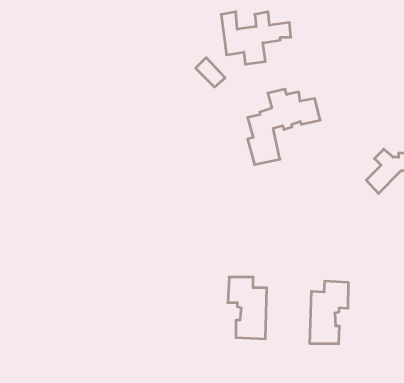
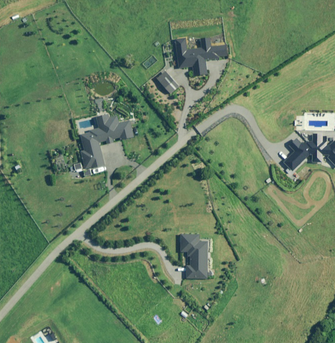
building: [248,89,320,165] -> [80,113,134,169]
building: [310,281,348,344] -> none

